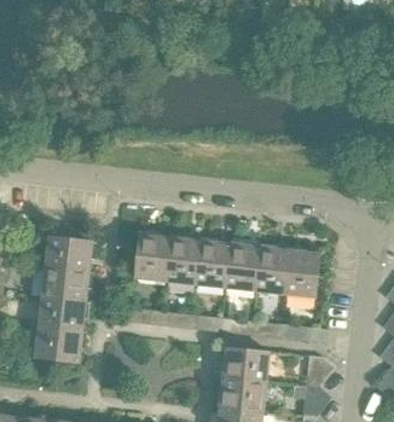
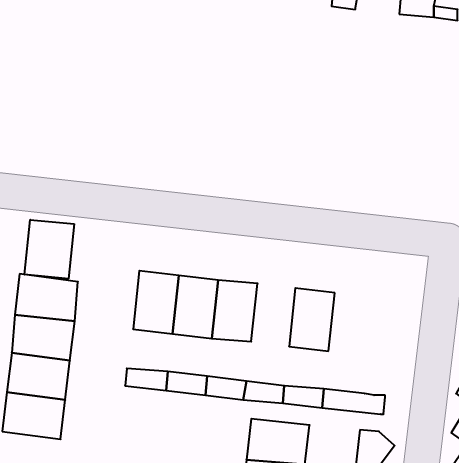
building: none -> [24,220,74,279]
building: [225,242,259,290] -> none
building: [284,249,319,297] -> none

